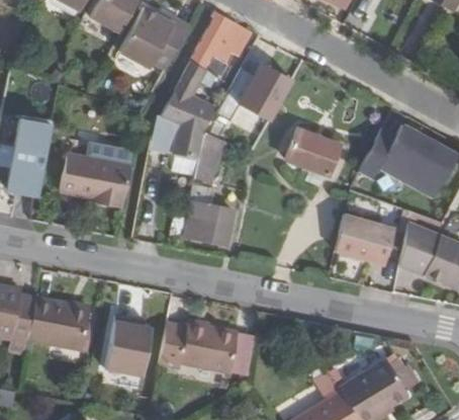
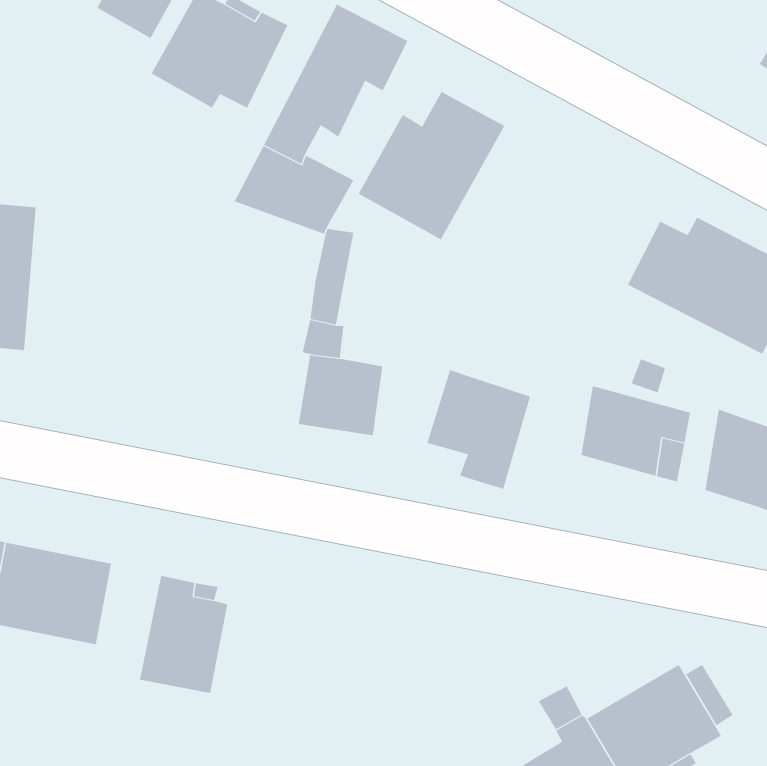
building: [152,117,203,158] -> none
building: [284,118,339,181] -> [426,369,531,489]
building: [63,153,133,207] -> none
building: [160,321,239,371] -> none

